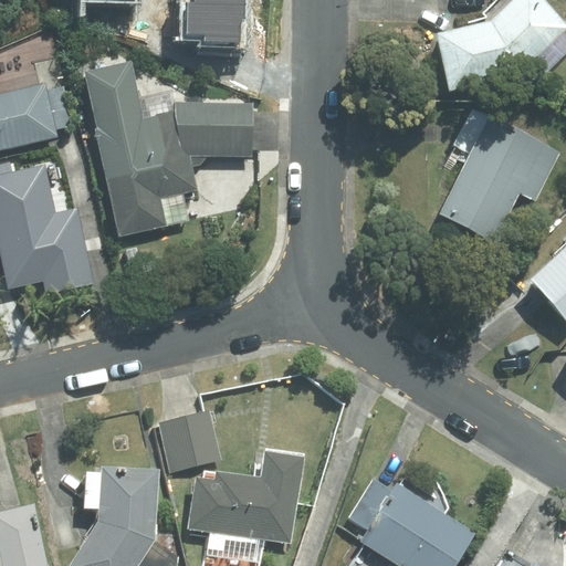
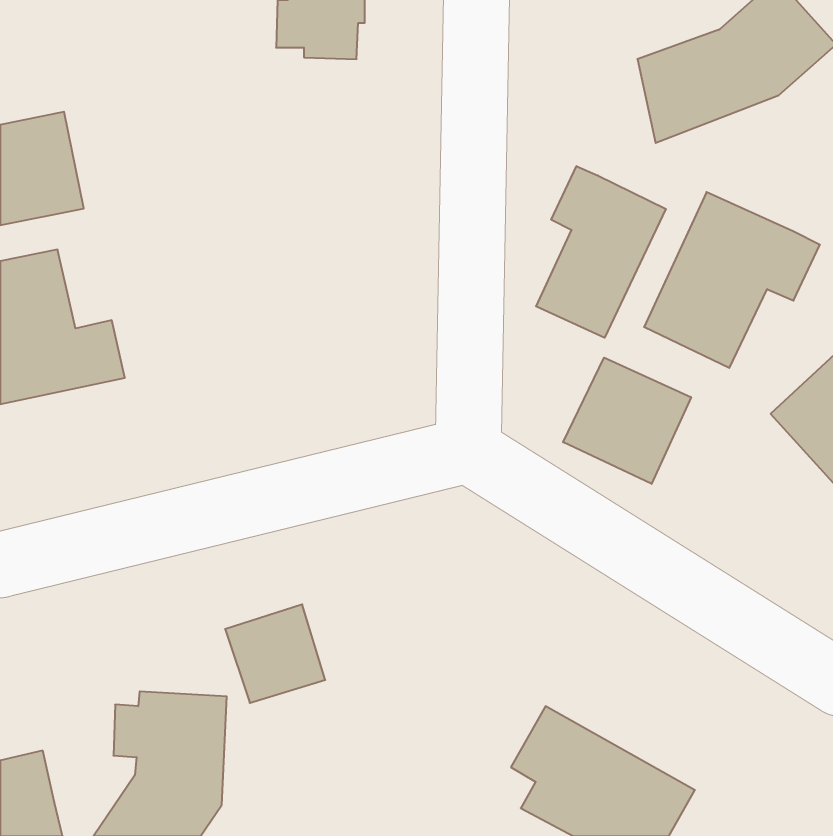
building: [81,57,253,239] -> none
building: none -> [536,166,666,338]
building: none -> [563,358,691,484]
building: [186,453,303,544] -> none

